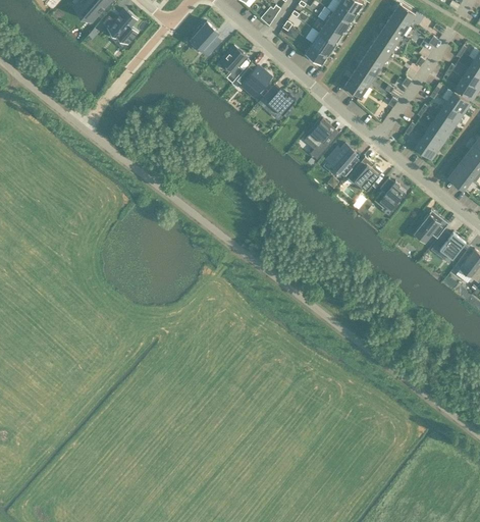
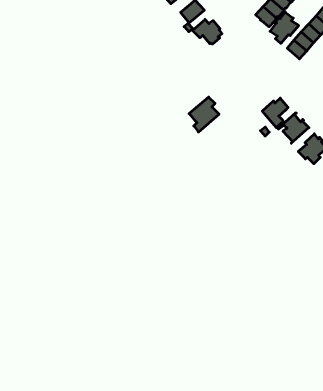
building: none -> [270,12,299,43]
building: [257,85,295,118] -> none
building: [303,119,336,160] -> [189,97,219,132]

